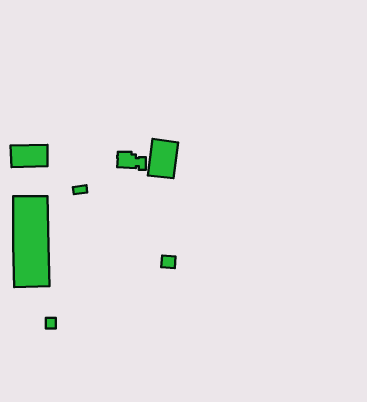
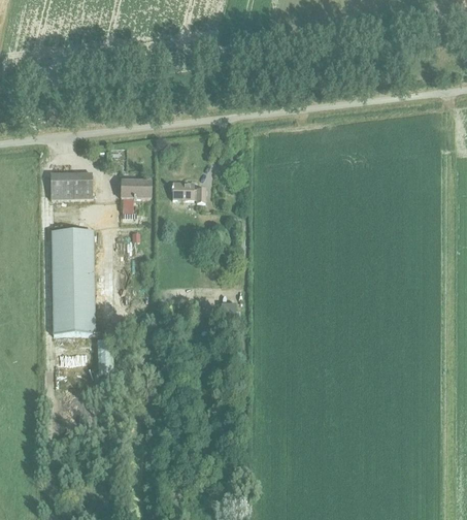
building: [148,139,178,178] -> none
building: none -> [120,180,151,197]

